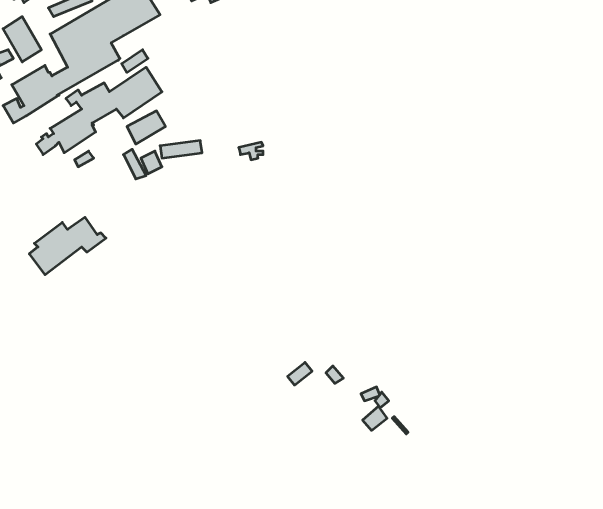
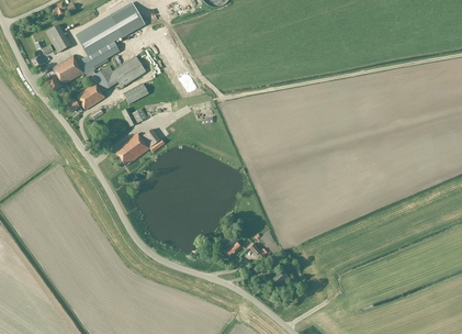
building: [29,217,106,275] -> [116,129,165,165]

